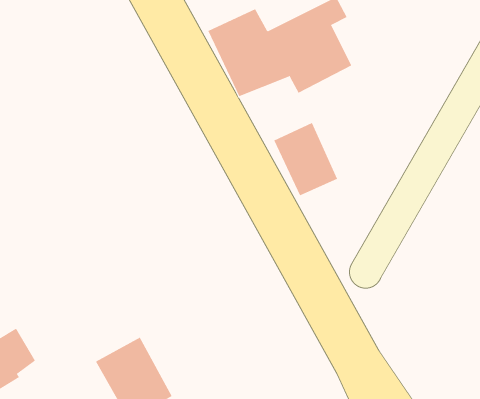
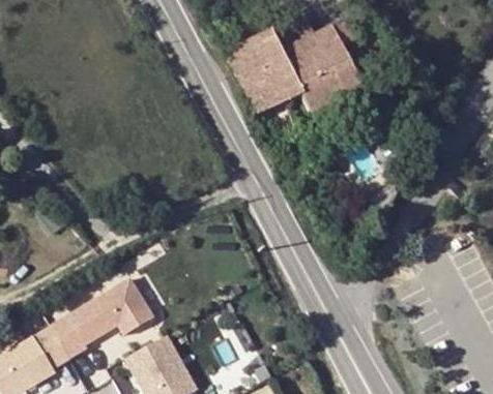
building: [274,122,338,196] -> none
building: none -> [52,278,153,356]

